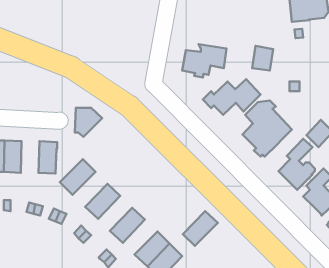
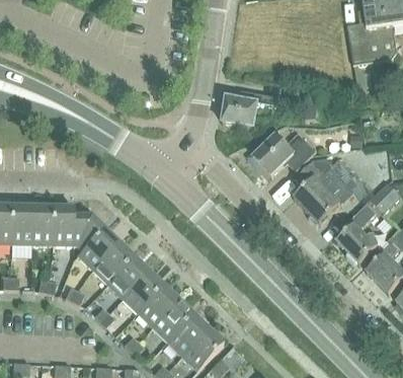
building: [75,108,102,137] -> [72,215,104,249]
building: none -> [30,206,53,243]
building: none -> [92,242,134,284]
building: none -> [123,271,163,312]
building: [183,211,218,246] -> [152,299,193,341]

